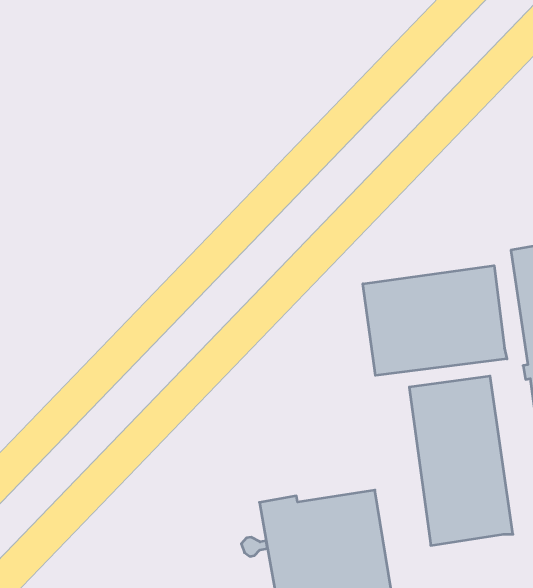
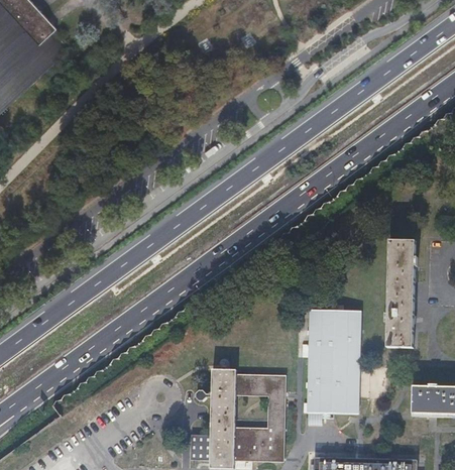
building: [363,266,507,375] -> none

